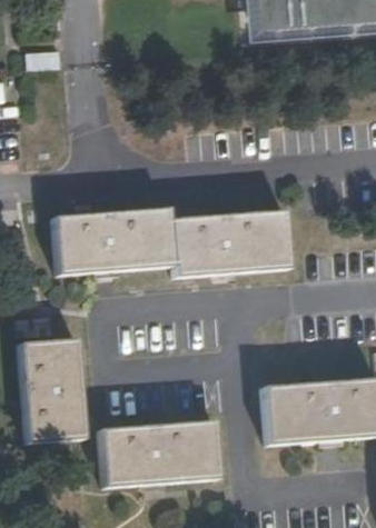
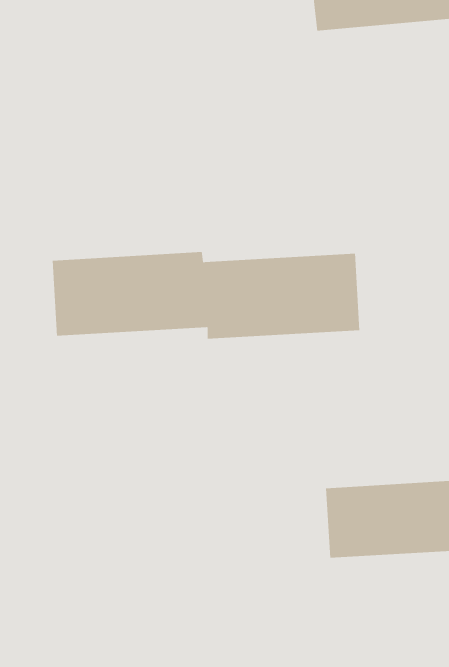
building: [20,341,80,441] -> none
building: [98,421,217,488] -> none

